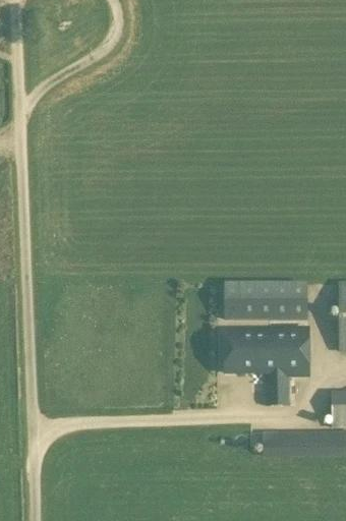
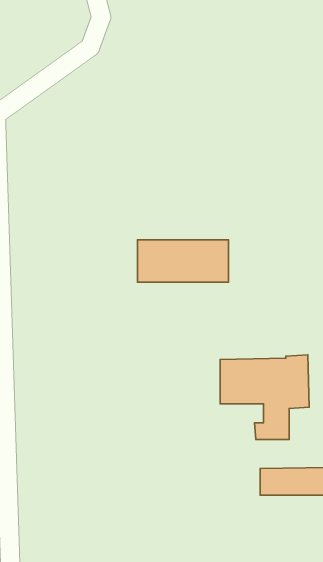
building: [224,280,307,319] -> [137,240,229,282]

